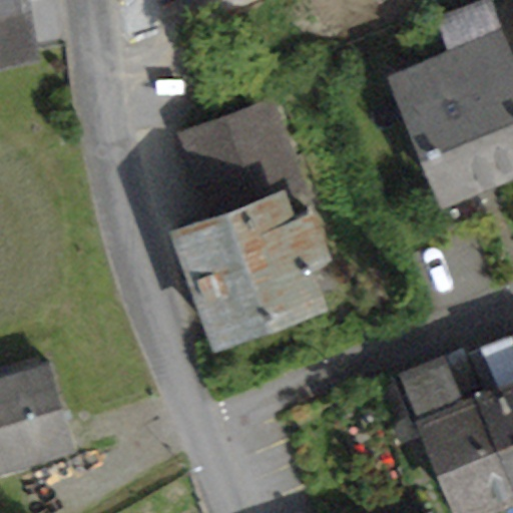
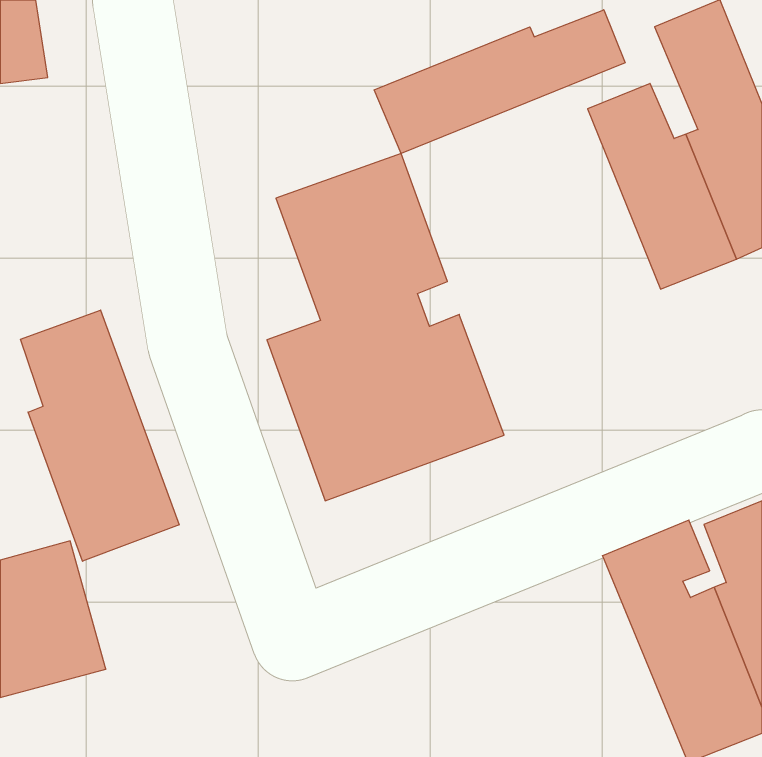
building: none -> [374,10,625,153]
building: none -> [20,310,179,561]

